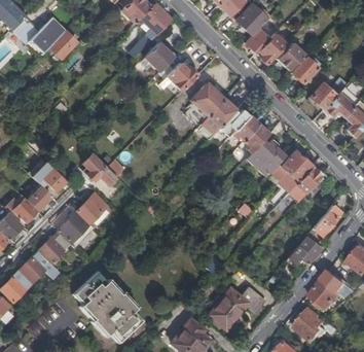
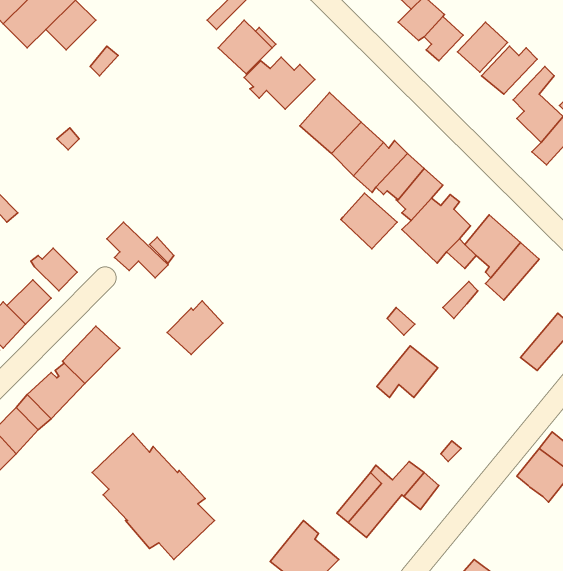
building: none -> [341,193,397,249]
building: [77,193,108,223] -> [167,301,223,355]
building: [288,236,322,265] -> [377,346,438,398]
building: [295,308,325,341] -> none

